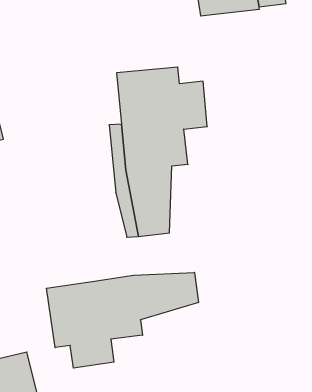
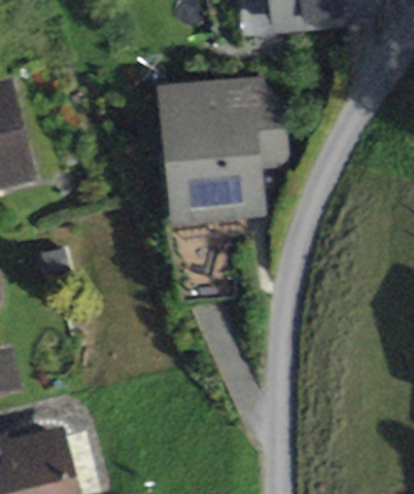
building: [46,272,199,368] -> none

